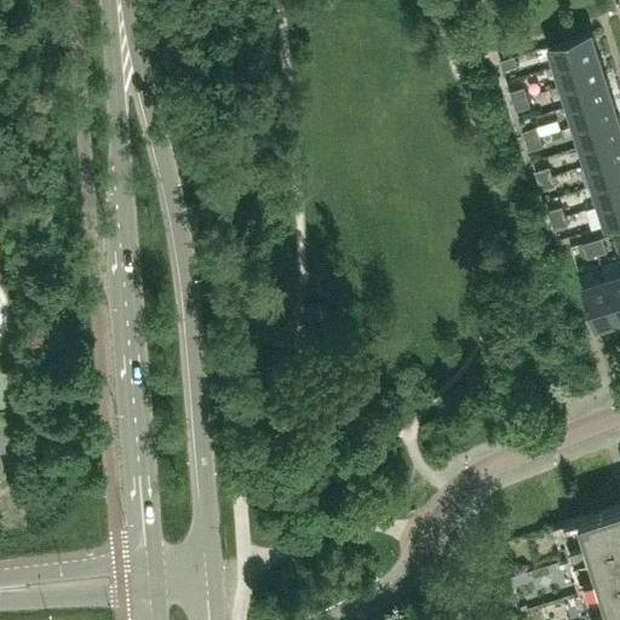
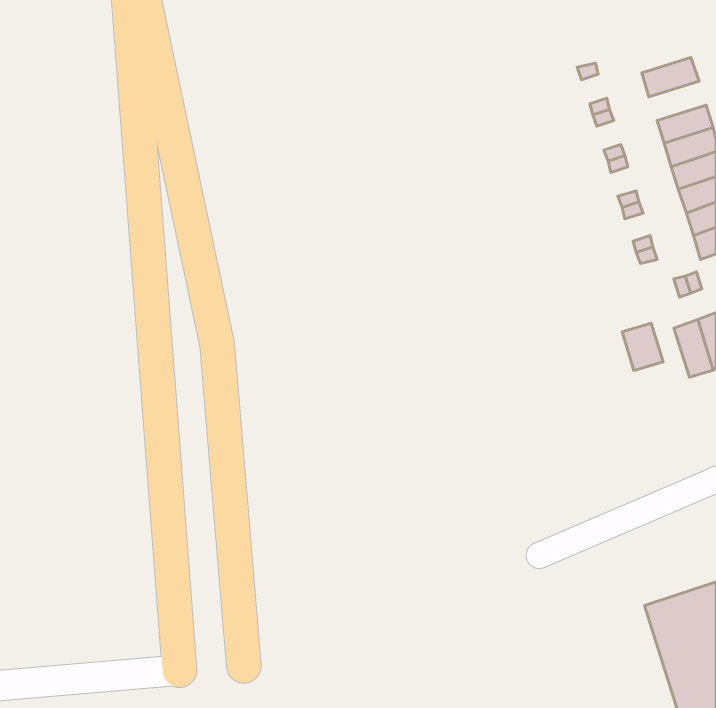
building: [549,38,597,70] -> none
building: [561,78,610,110] -> none
building: none -> [622,323,663,371]

